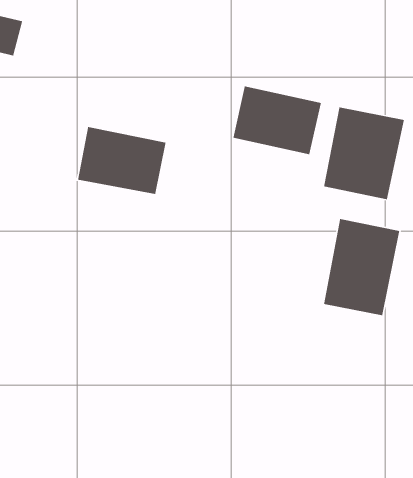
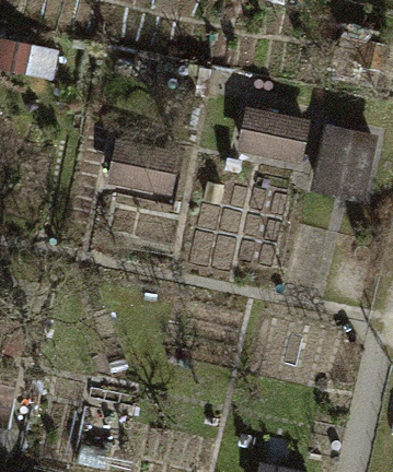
building: [323,218,400,316] -> none

